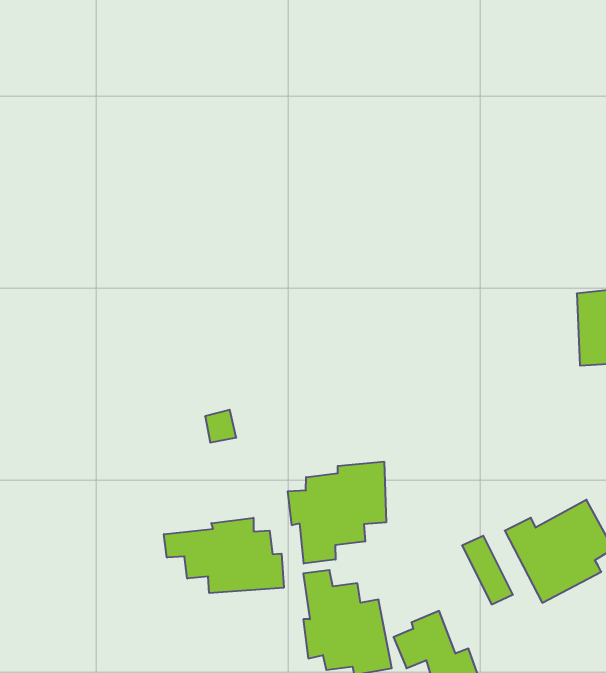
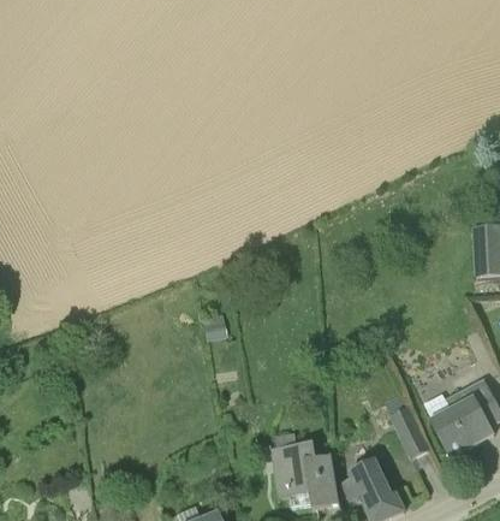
building: [288,462,386,564] -> none
building: [164,518,284,593] -> none

